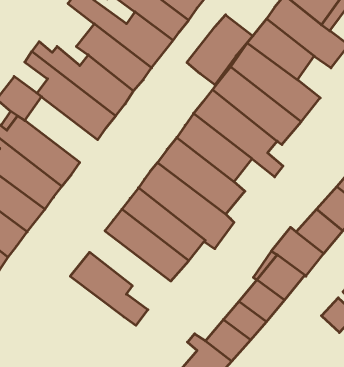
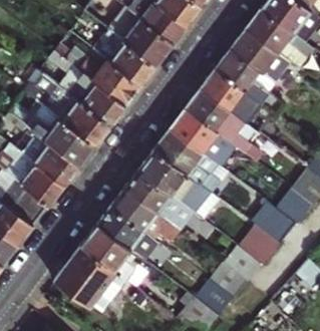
building: [187,15,253,85] -> none
building: none -> [47,91,108,146]
building: none -> [101,204,170,264]
building: none -> [58,242,130,309]

